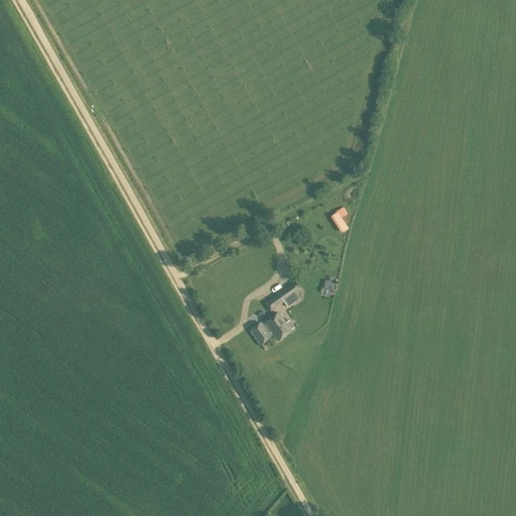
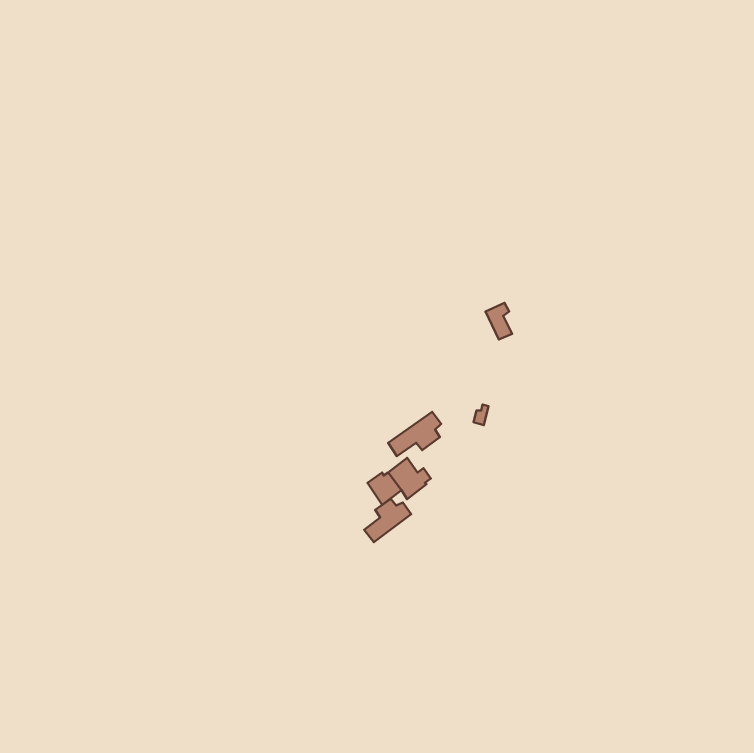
building: none -> [364,499,411,542]

